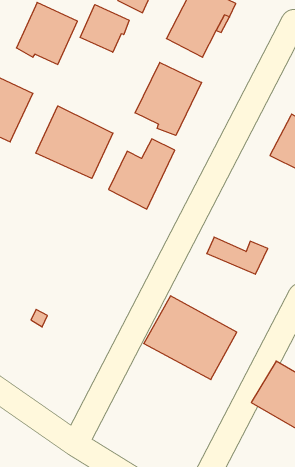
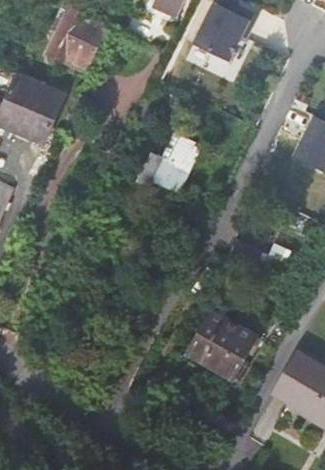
building: [80,5,129,52] -> none
building: [135,62,202,135] -> none
building: [36,106,113,178] -> none

